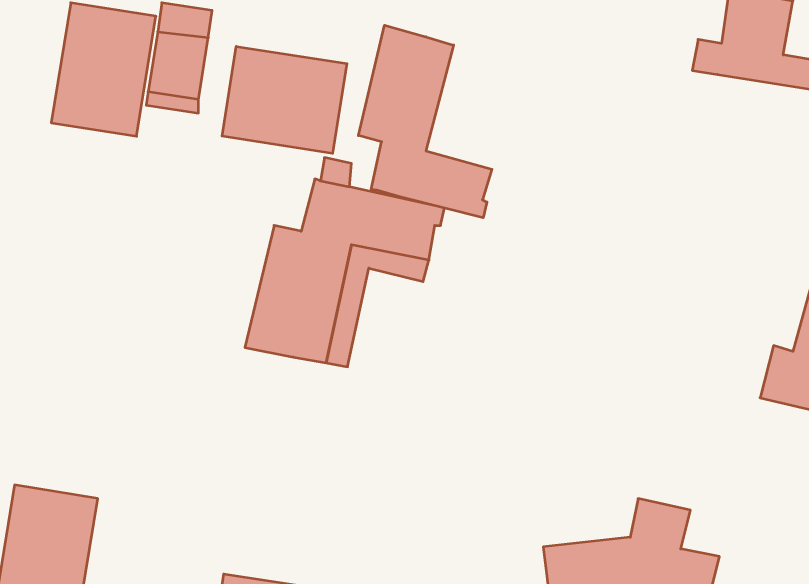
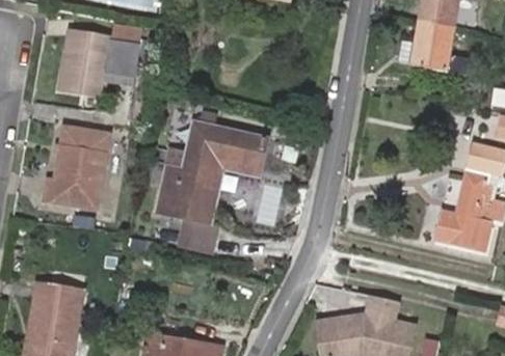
building: [358,25,492,218] -> none
building: [222,46,347,153] -> none
building: none -> [49,129,110,210]
building: none -> [179,217,218,250]

